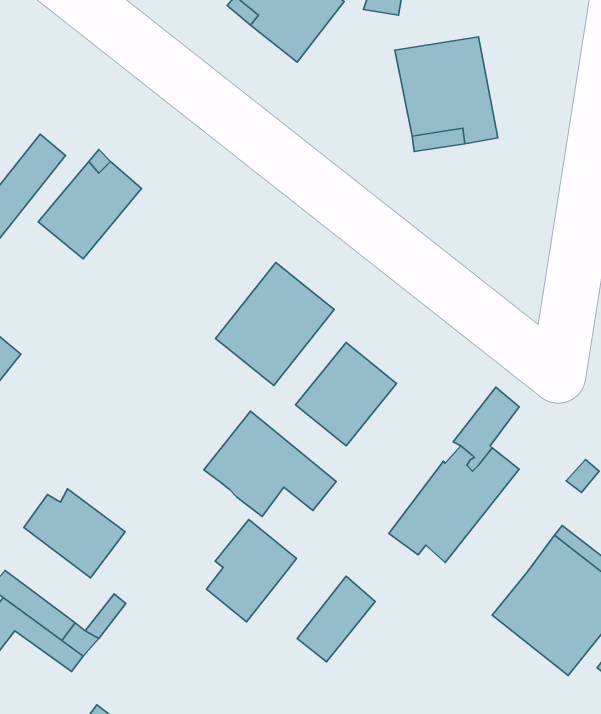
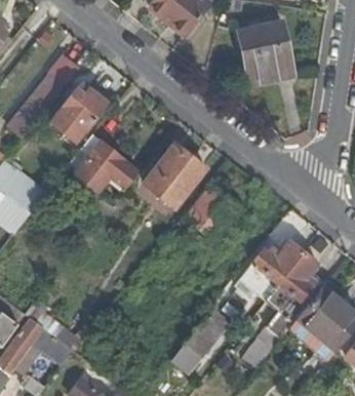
building: [204,411,336,516] -> [67,135,136,191]
building: none -> [241,251,321,369]
building: [24,489,125,578] -> none
building: [207,519,296,622] -> none

